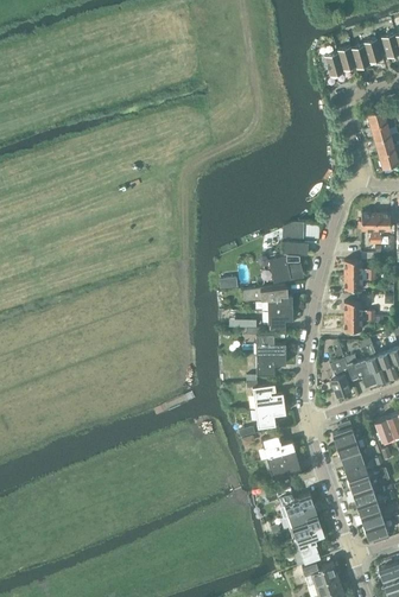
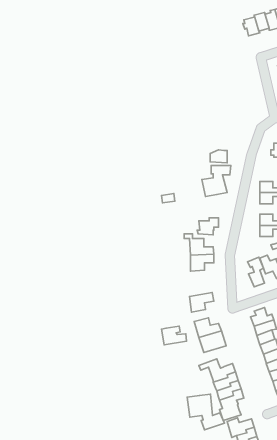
building: [243,286,292,313] -> none
building: [252,386,284,409] -> [161,326,187,345]
building: none -> [187,394,224,430]

